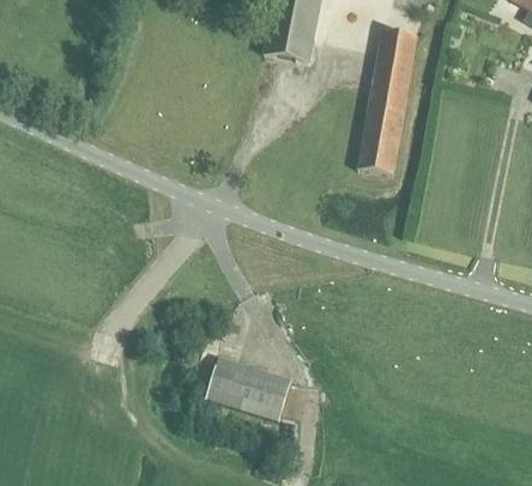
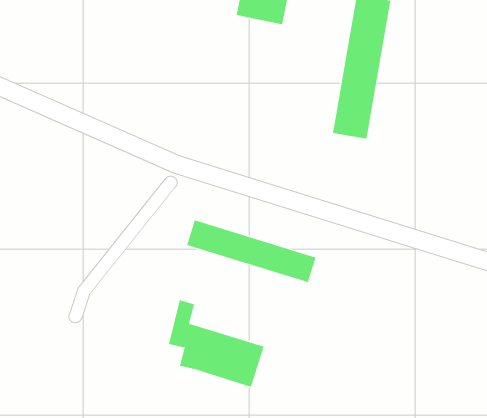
building: none -> [187,220,316,283]

